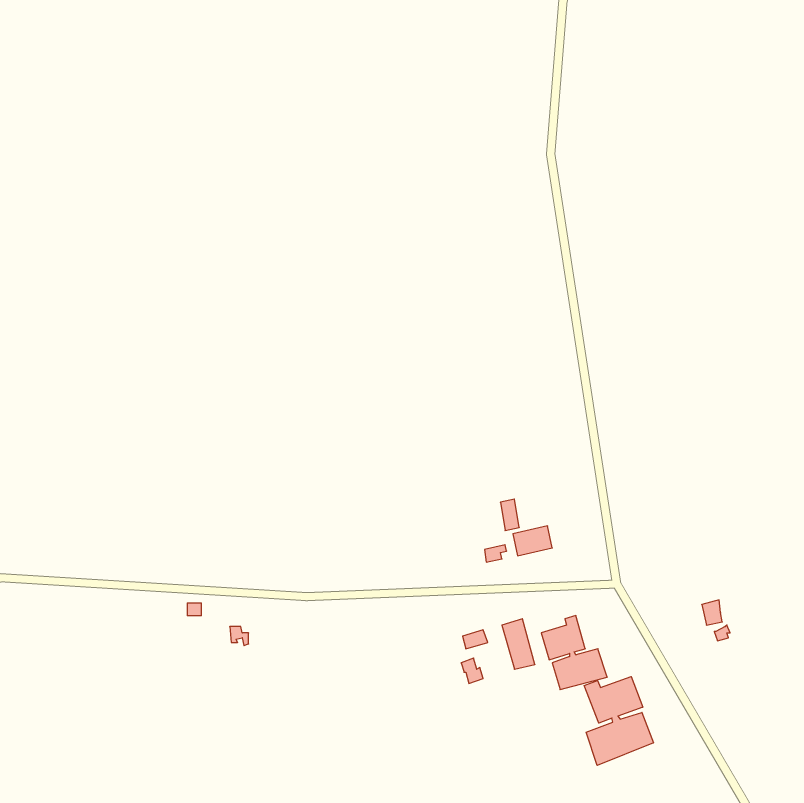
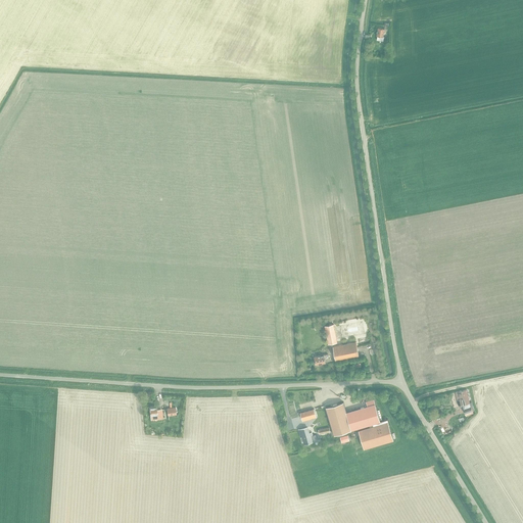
building: [584,677,653,765] -> none

